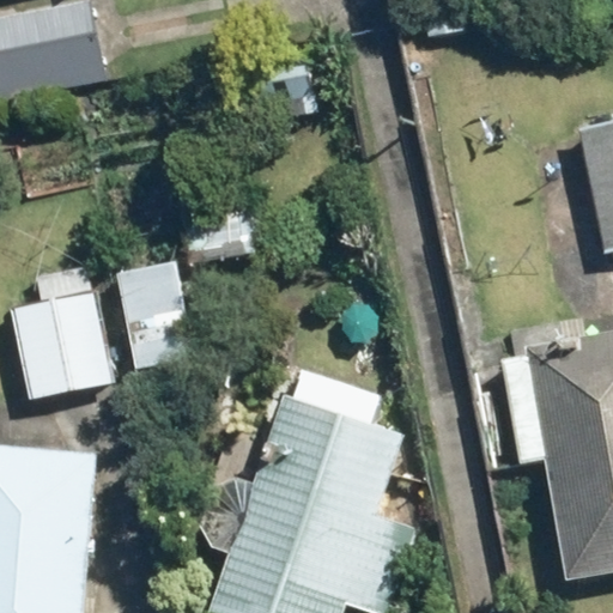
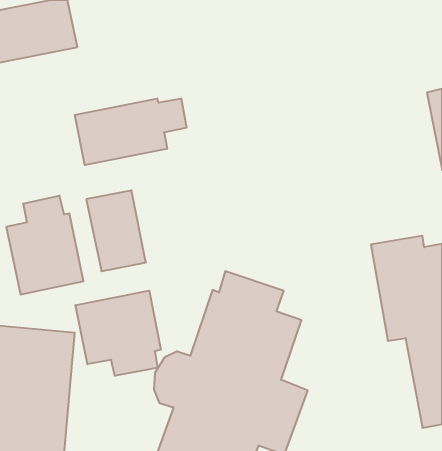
building: none -> [75,98,187,165]
building: none -> [76,291,161,376]

